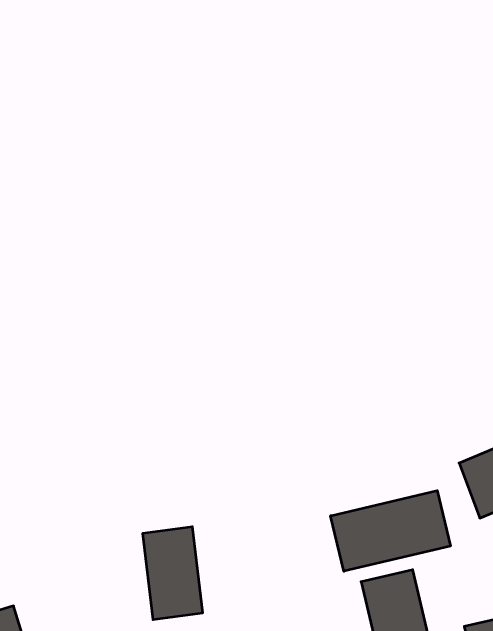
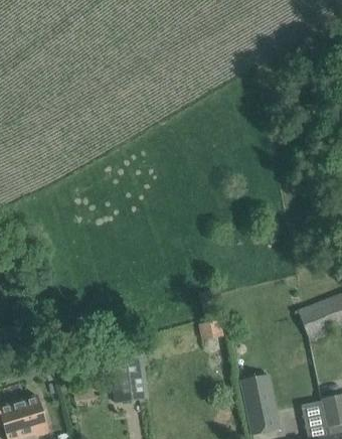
building: [331,491,450,571] -> none

